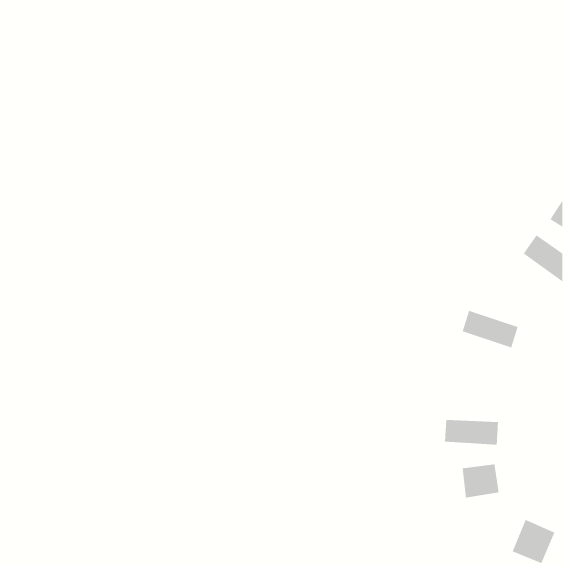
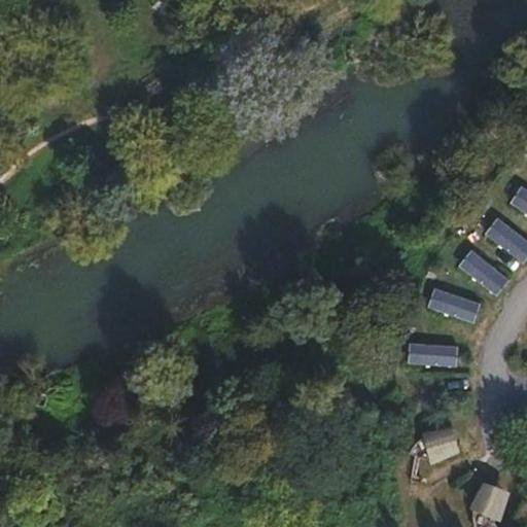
building: none -> [458,249,508,295]
building: [444,419,499,445] -> [407,343,457,366]

